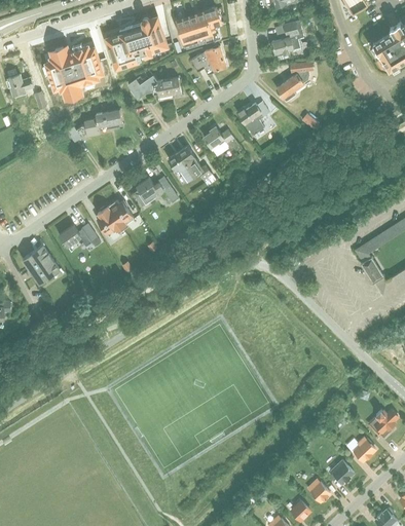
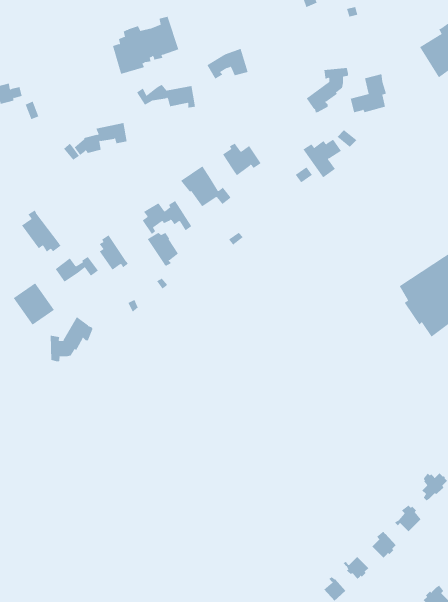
building: [176,7,220,42] -> none
building: [270,20,302,53] -> [350,73,387,113]
building: [45,45,103,95] -> none
building: [234,101,268,135] -> [302,139,342,178]
building: none -> [21,210,61,253]
building: [106,199,134,229] -> [147,232,179,267]
building: none -> [50,316,93,362]

